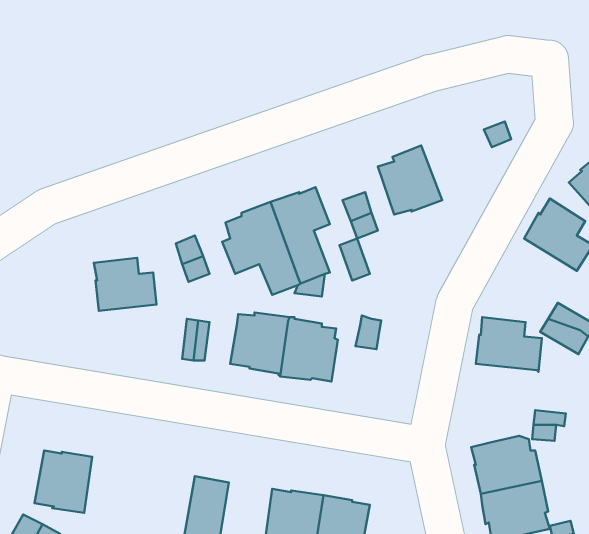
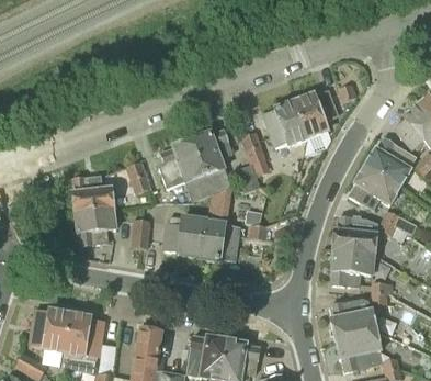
building: none -> [295,90,339,138]
building: none -> [349,165,401,209]
building: none -> [75,210,117,246]
building: none -> [331,250,375,285]
building: none -> [65,314,103,358]

